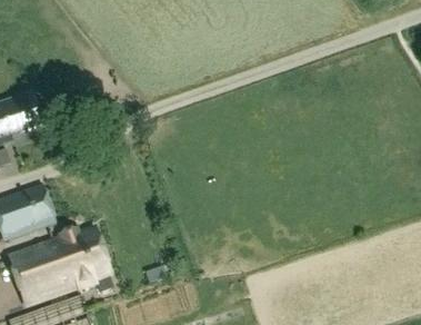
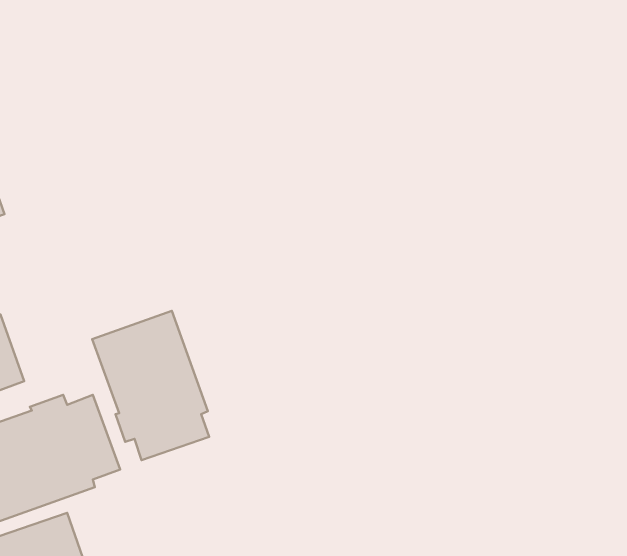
building: none -> [92,311,209,460]

